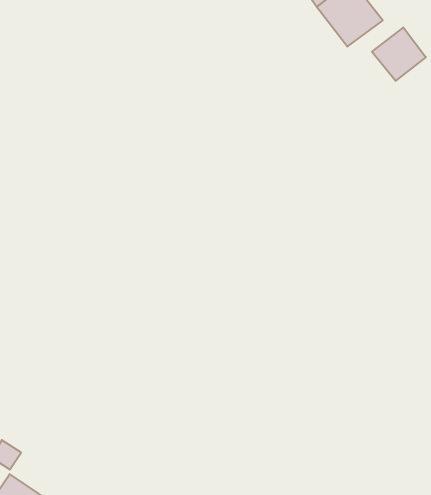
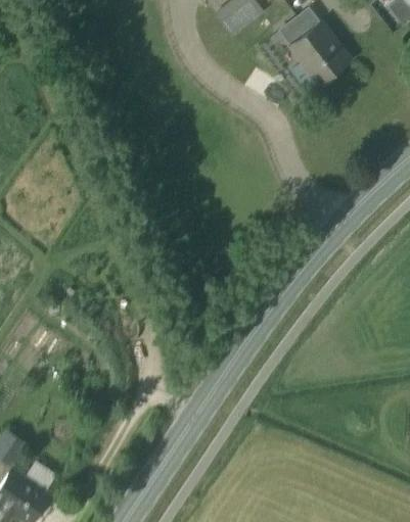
building: [372,27,426,81] -> none

